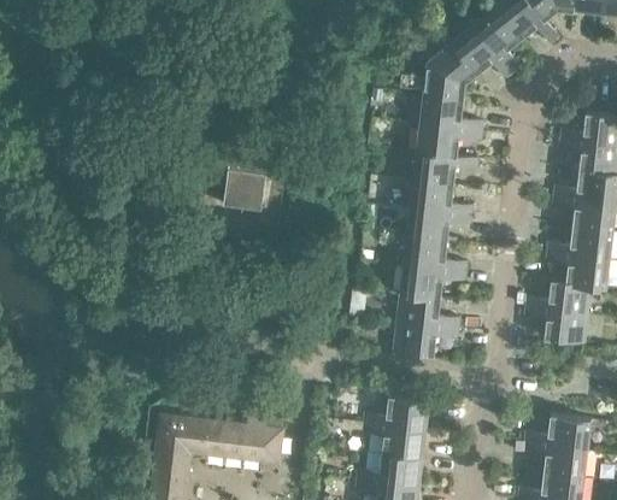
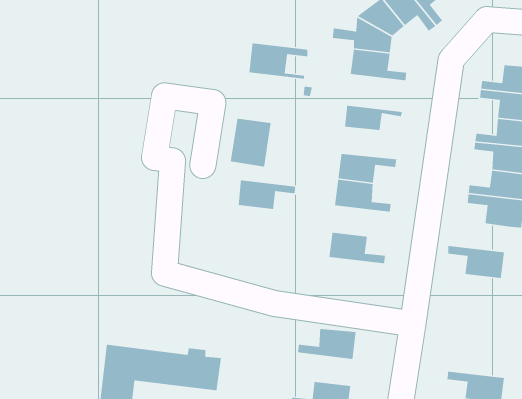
building: [417,124,481,164] -> [249,43,308,80]
building: [223,158,268,211] -> [230,118,272,167]
building: [411,181,472,214] -> none
building: [401,265,464,298] -> [238,180,296,210]
building: [525,281,590,314] -> none
building: [394,320,458,355] -> none
building: [525,414,590,449] -> none
building: [363,423,424,458] -> none

